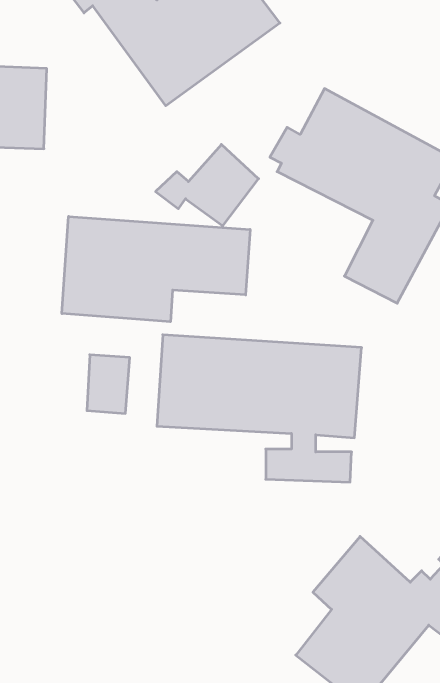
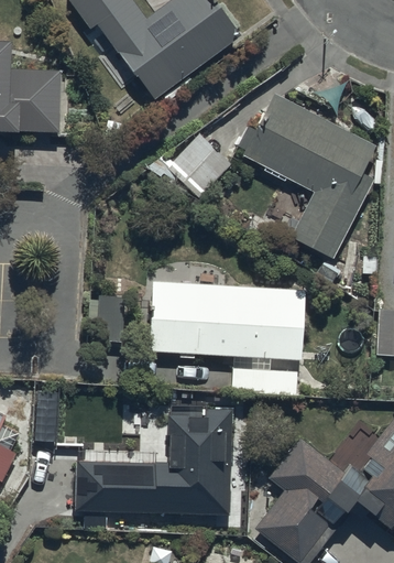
building: [62,216,250,322] -> none
building: none -> [74,405,233,511]

